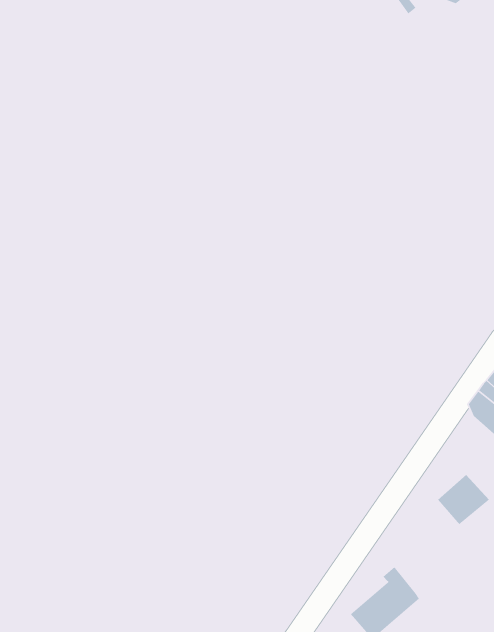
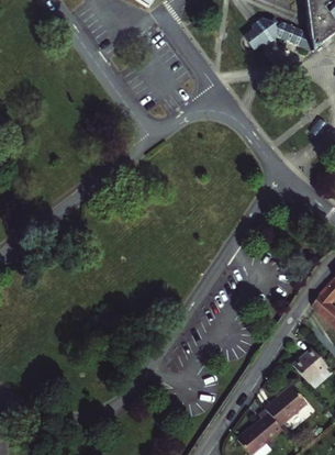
building: none -> [266,385,308,425]

